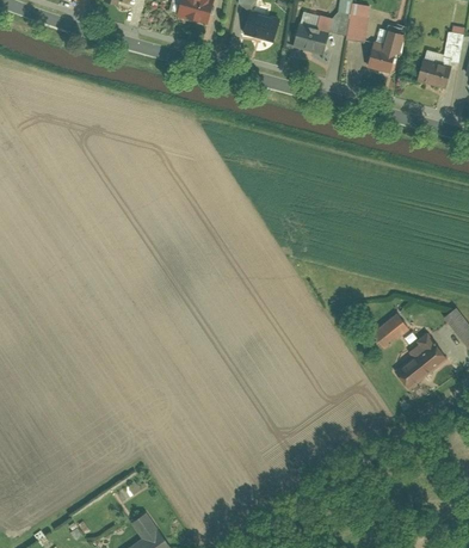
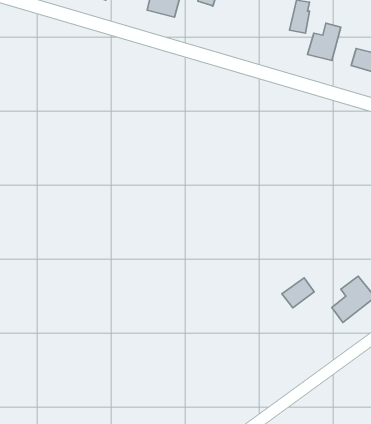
building: [245,10,280,42] -> none
building: [292,17,332,55] -> none
building: [371,310,409,346] -> [282,278,314,308]

